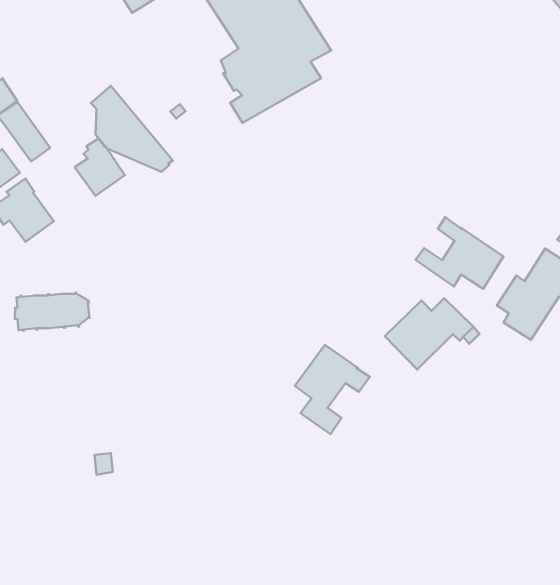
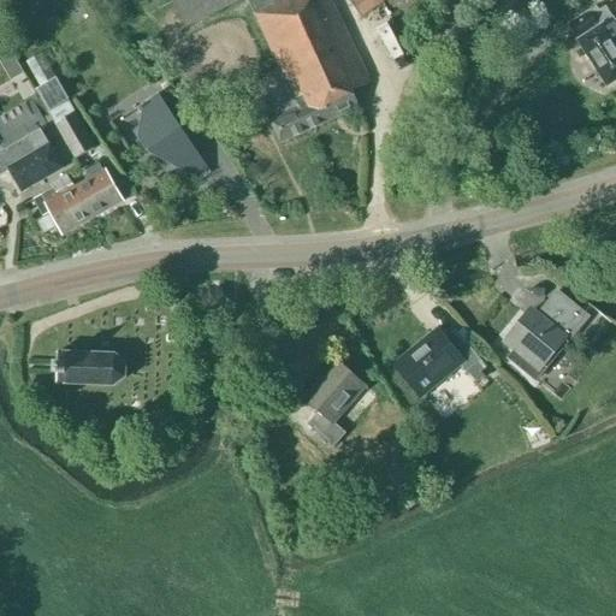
building: [75,139,125,196] -> [75,161,122,215]
building: [415,217,504,289] -> none
building: [15,293,90,331] -> [54,349,126,384]

